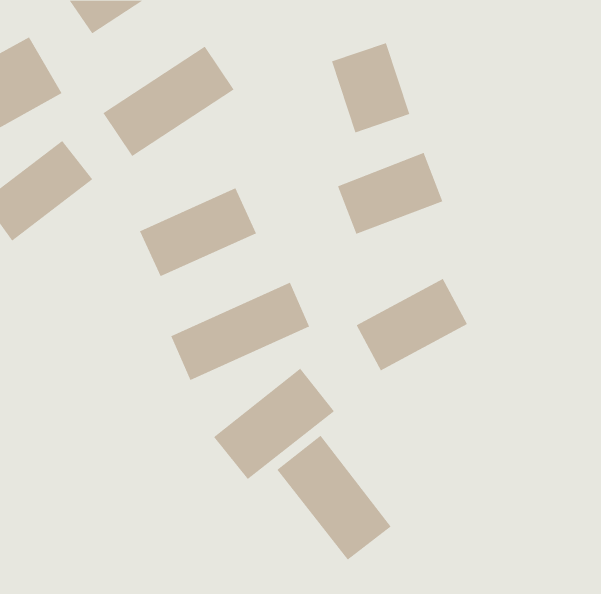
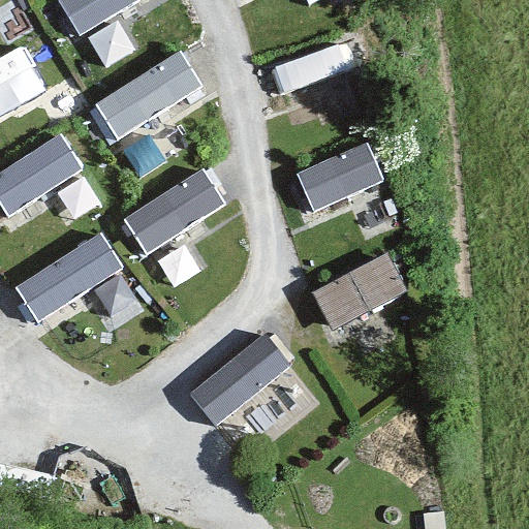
building: none -> [13,229,124,326]
building: [170,282,310,381] -> none
building: [276,435,391,560] -> none

